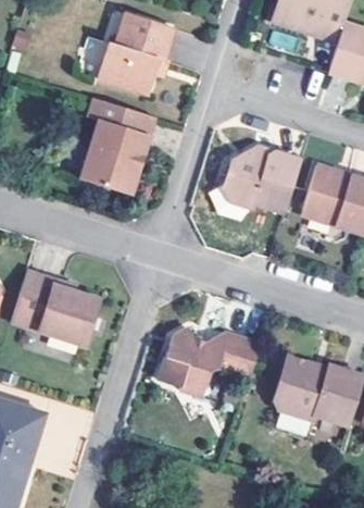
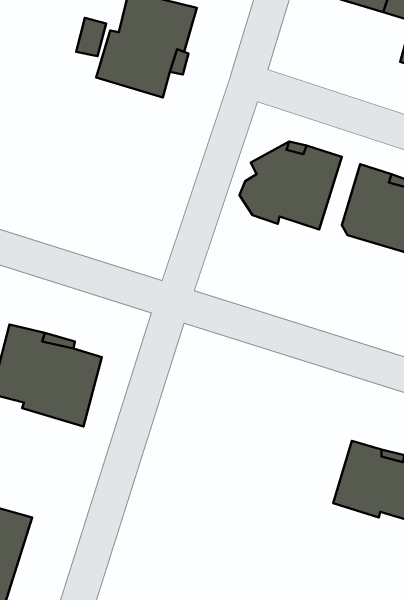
building: [81,101,153,195] -> none
building: [164,332,265,396] -> none

